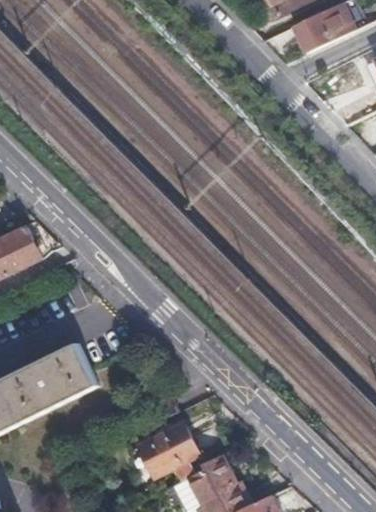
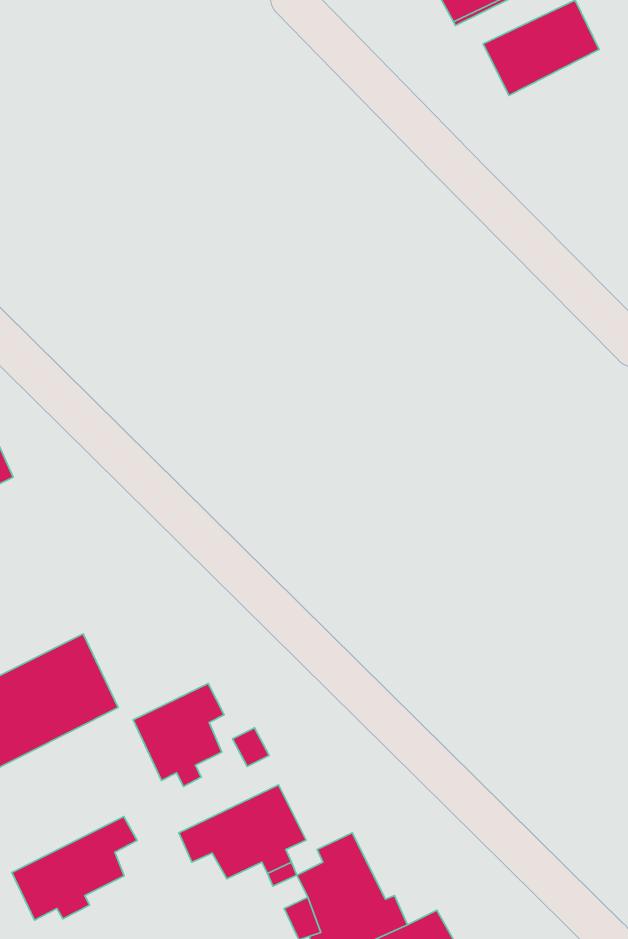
building: none -> [133,684,224,786]
building: none -> [12,816,137,920]

